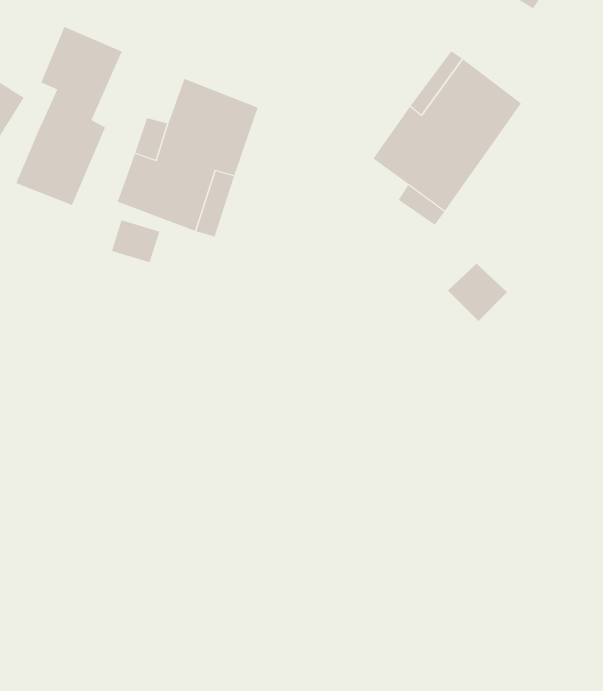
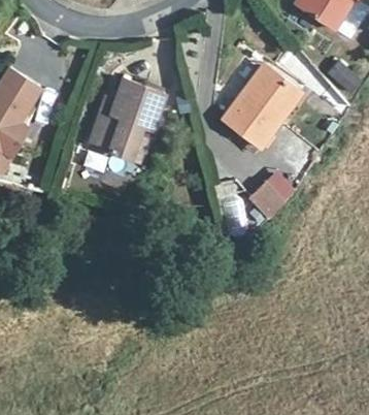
building: [16,26,123,206] -> none

